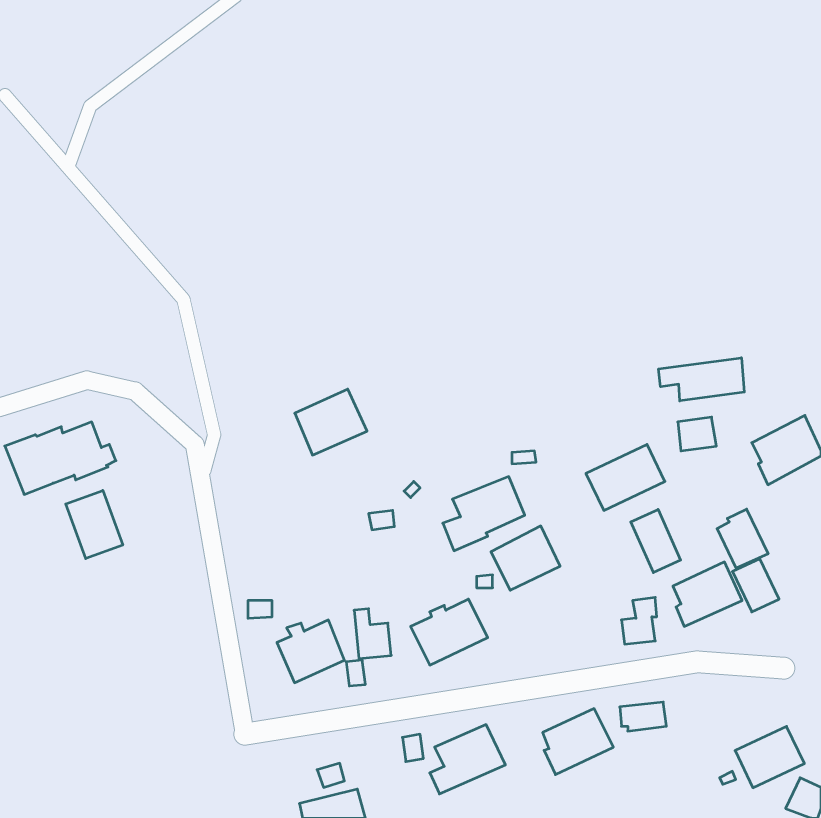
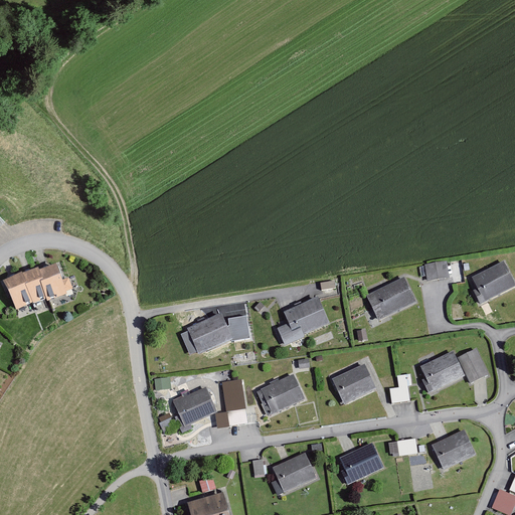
building: [659,358,744,401] -> none
building: [295,389,367,455] -> [187,313,232,354]
building: [66,490,123,559] -> none
building: [717,509,768,568] -> none
building: [631,509,681,573] -> none
building: [491,526,560,590] -> [332,363,375,403]
building: [735,726,804,788] -> [431,430,474,468]

